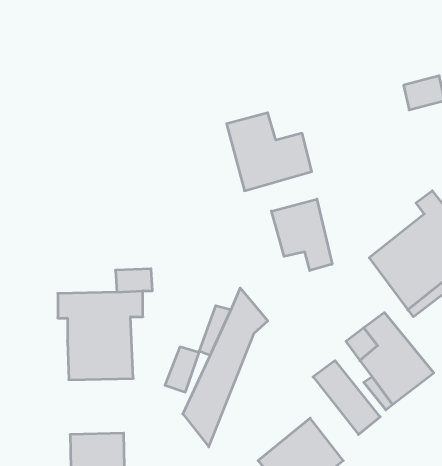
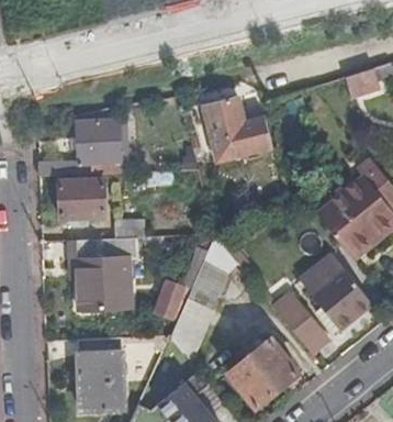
building: none -> [38,120,123,177]
building: [271,199,332,271] -> none
building: none -> [59,180,105,219]

